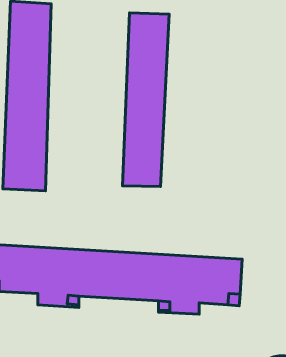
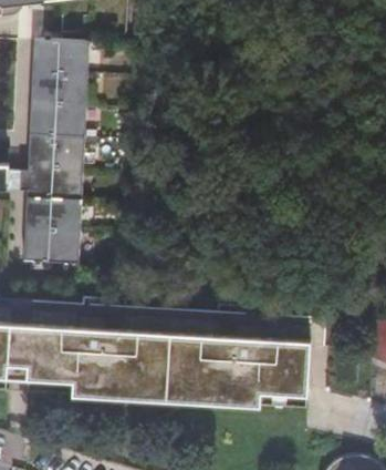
building: [123,13,169,186] -> none

